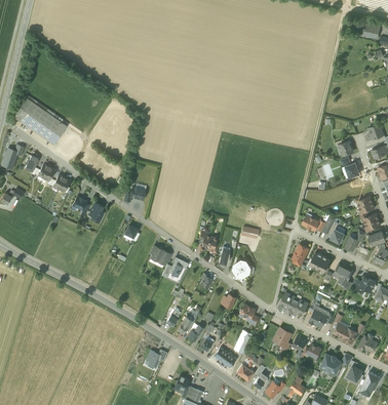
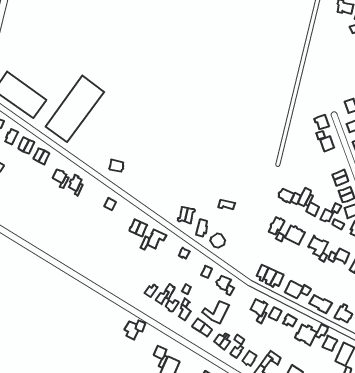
building: none -> [46,75,104,142]

